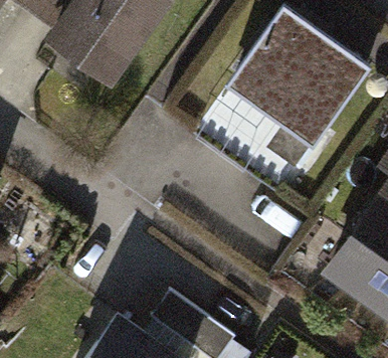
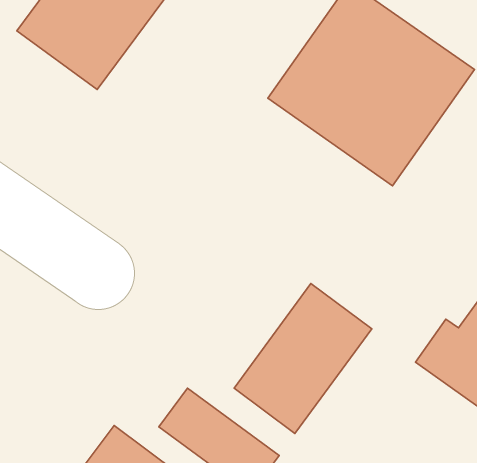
building: none -> [234,284,372,433]

